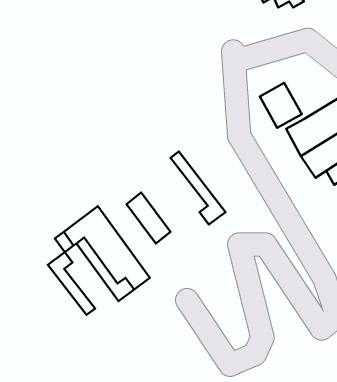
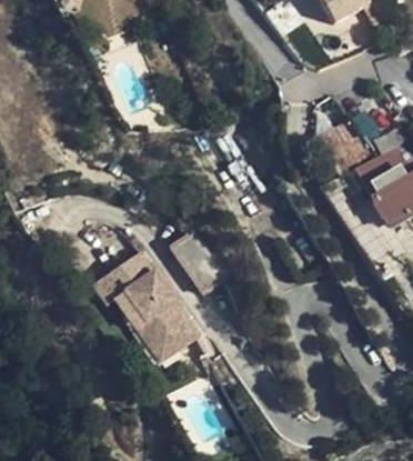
building: [171,152,226,225] -> none
building: [48,252,95,315] -> none

